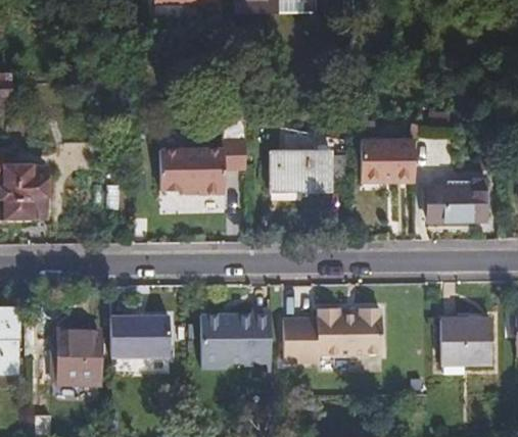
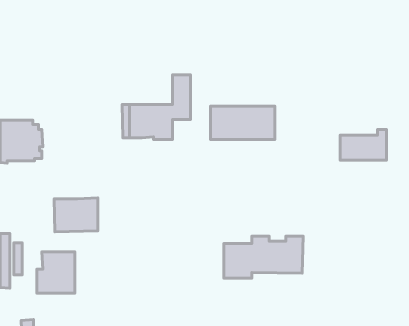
building: [360,136,415,181] -> none
building: [206,309,272,372] -> none
building: [111,314,166,356] -> [54,198,98,232]
building: [440,320,490,362] -> none

